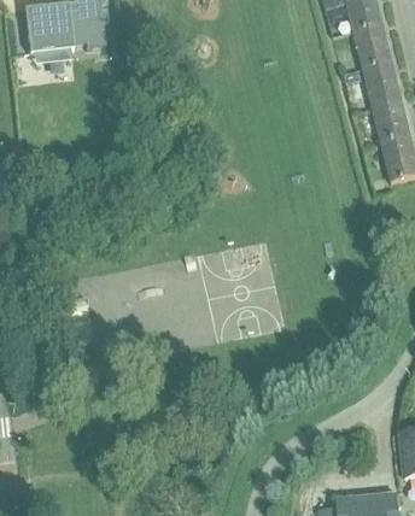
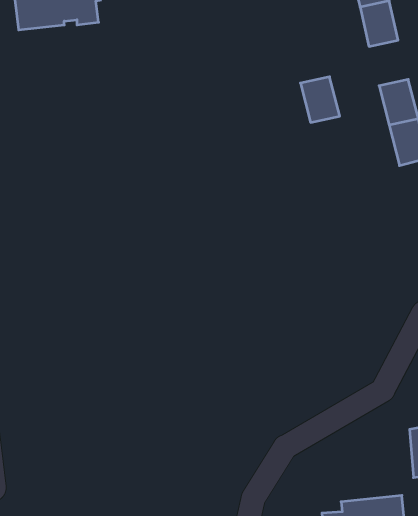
building: [363,61,401,105] -> [300,77,340,122]

